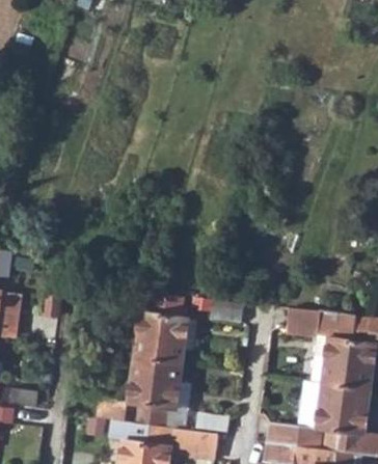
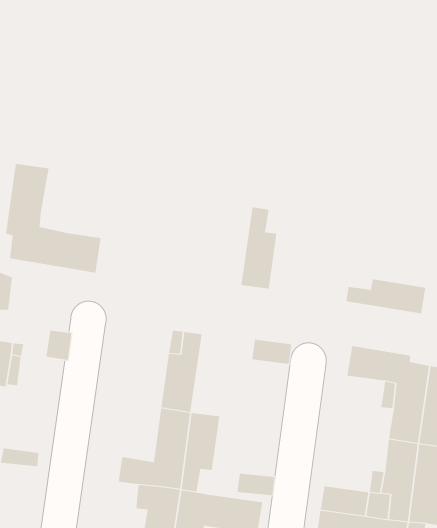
building: none -> [6,163,101,274]
building: none -> [346,279,426,314]
building: [159,297,189,364] -> [240,207,277,289]

